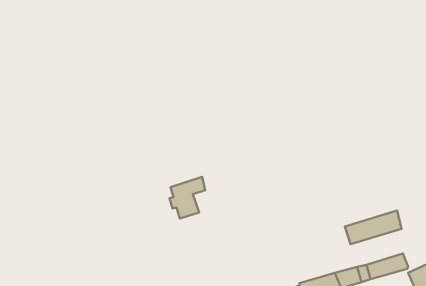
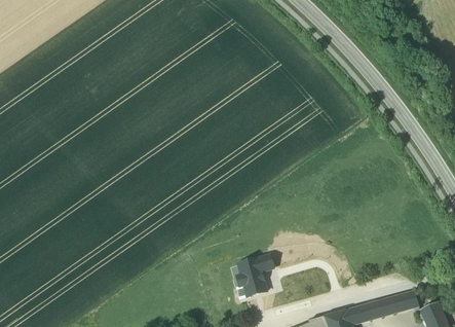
building: [170,177,205,219] -> [236,254,272,296]
building: [345,211,401,244] -> none

